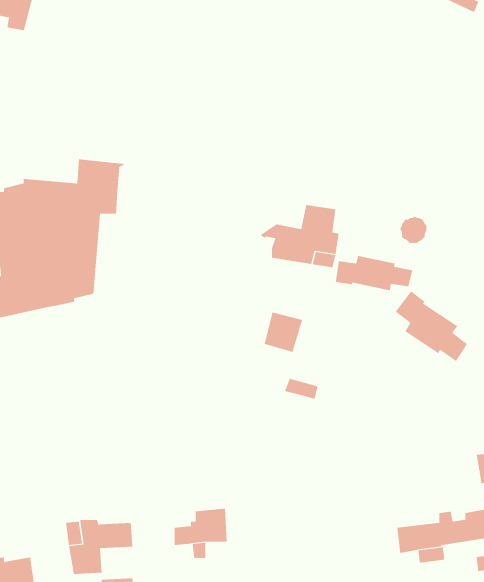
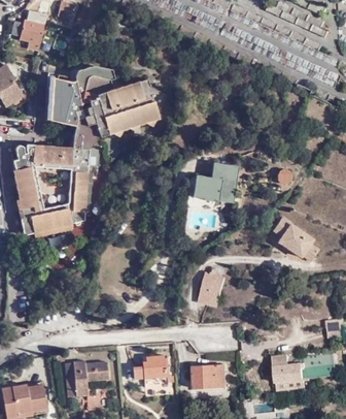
building: none -> [44,66,163,135]
building: [335,255,413,291] -> none
building: [264,312,303,352] -> [199,280,223,305]
building: none -> [195,363,228,388]

